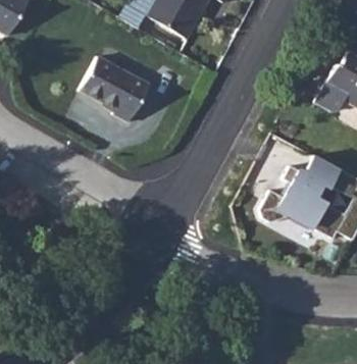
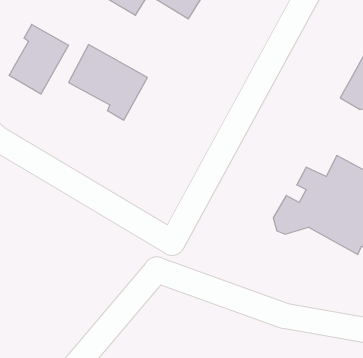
building: none -> [9,24,68,94]

